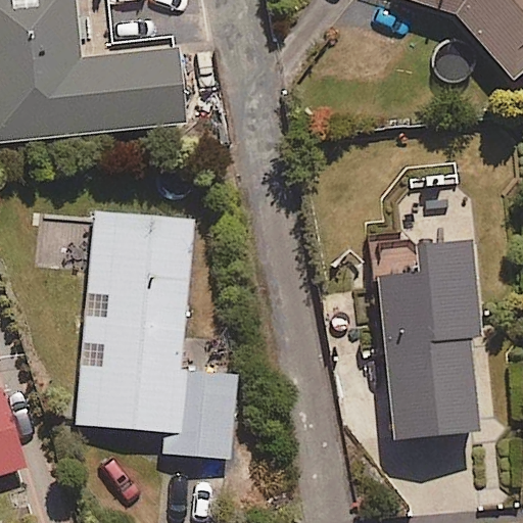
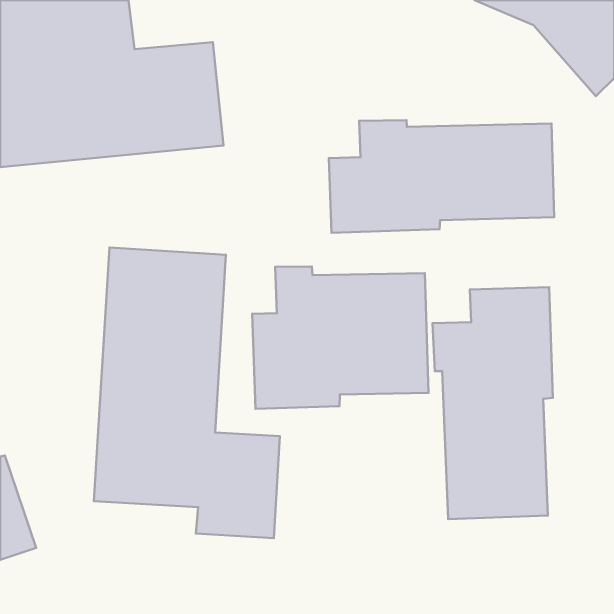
building: none -> [329,120,554,233]
building: none -> [252,267,429,409]

